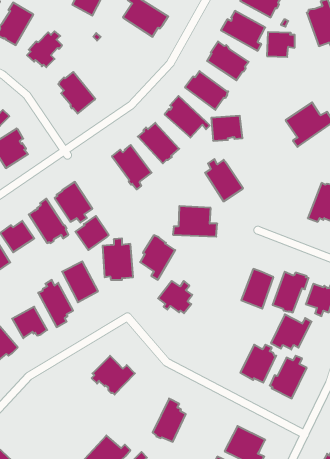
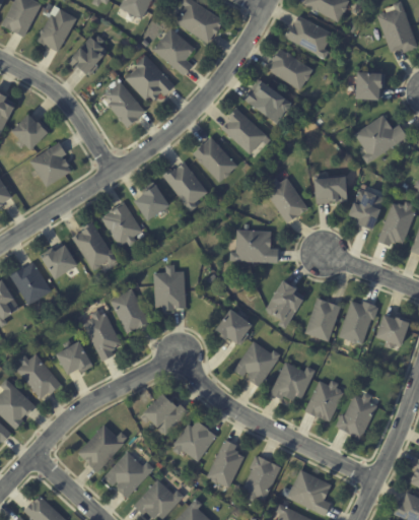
building: none -> [153,28,195,75]
building: [267,32,295,57] -> [355,71,386,99]
building: none -> [125,55,174,102]
building: [211,116,243,141] -> [313,176,348,203]
building: none -> [349,191,386,231]
building: [75,216,109,250] -> [133,184,169,221]
building: [140,235,175,280] -> [266,280,304,329]
building: none -> [233,341,281,388]
building: [271,314,312,350] -> [271,363,316,401]
building: none -> [172,420,217,461]
building: none -> [76,425,127,472]
building: none -> [103,452,154,499]
building: none -> [243,455,282,502]

